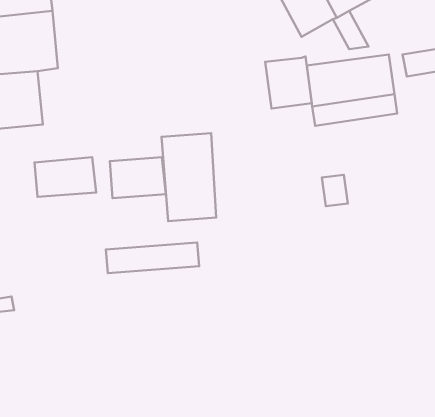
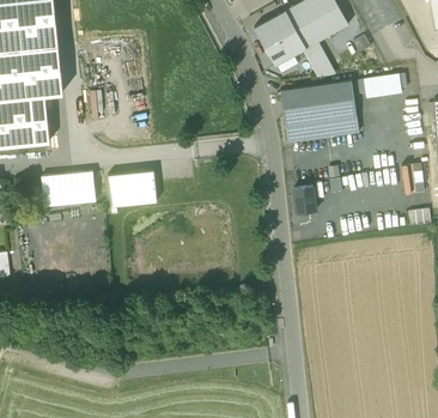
building: [265,57,312,108] -> none
building: [162,133,216,221] -> none
building: [106,242,199,273] -> none

